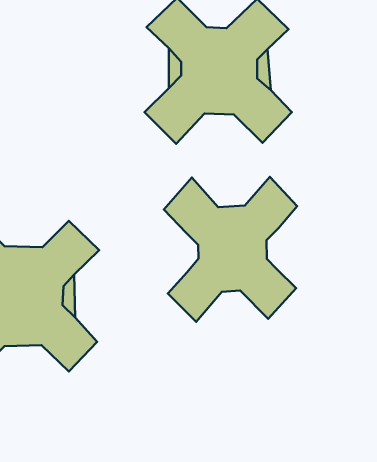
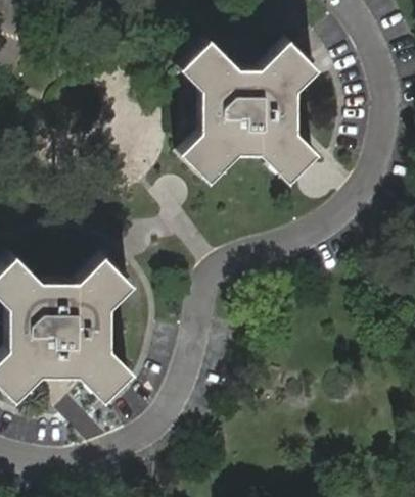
building: [164,177,297,322] -> none

